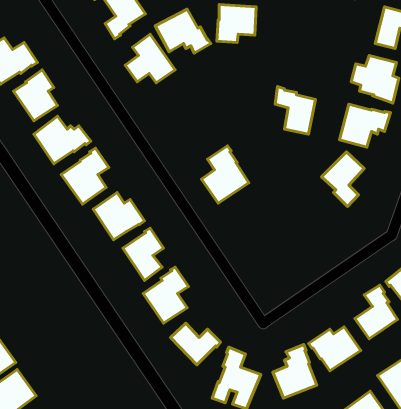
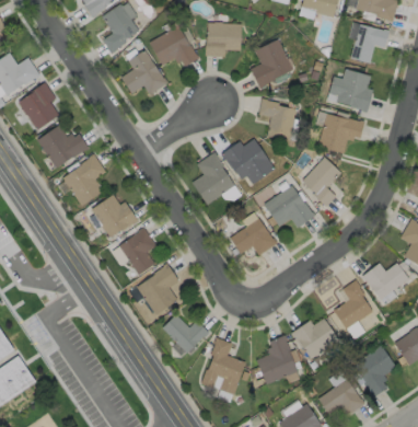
building: none -> [251,39,293,89]
building: none -> [221,139,275,185]
building: none -> [264,185,316,229]
building: none -> [230,219,277,256]

